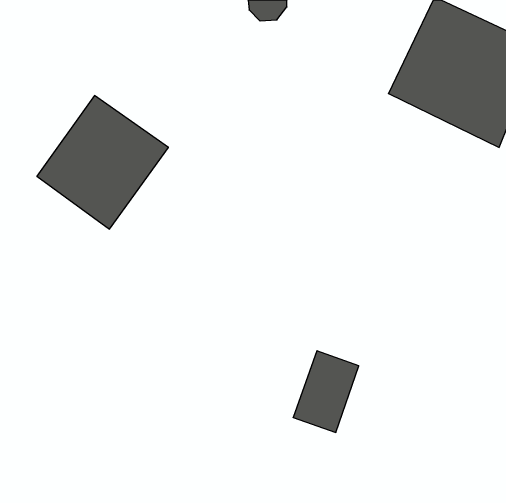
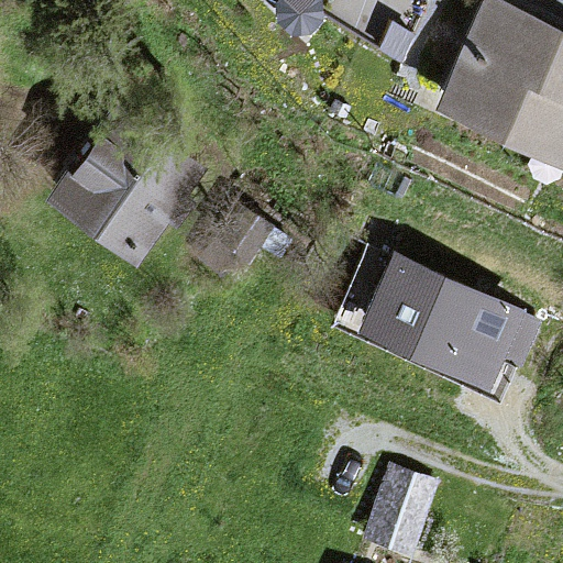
building: none -> [369,256,539,372]
building: [293,351,359,432] -> [368,465,441,555]

